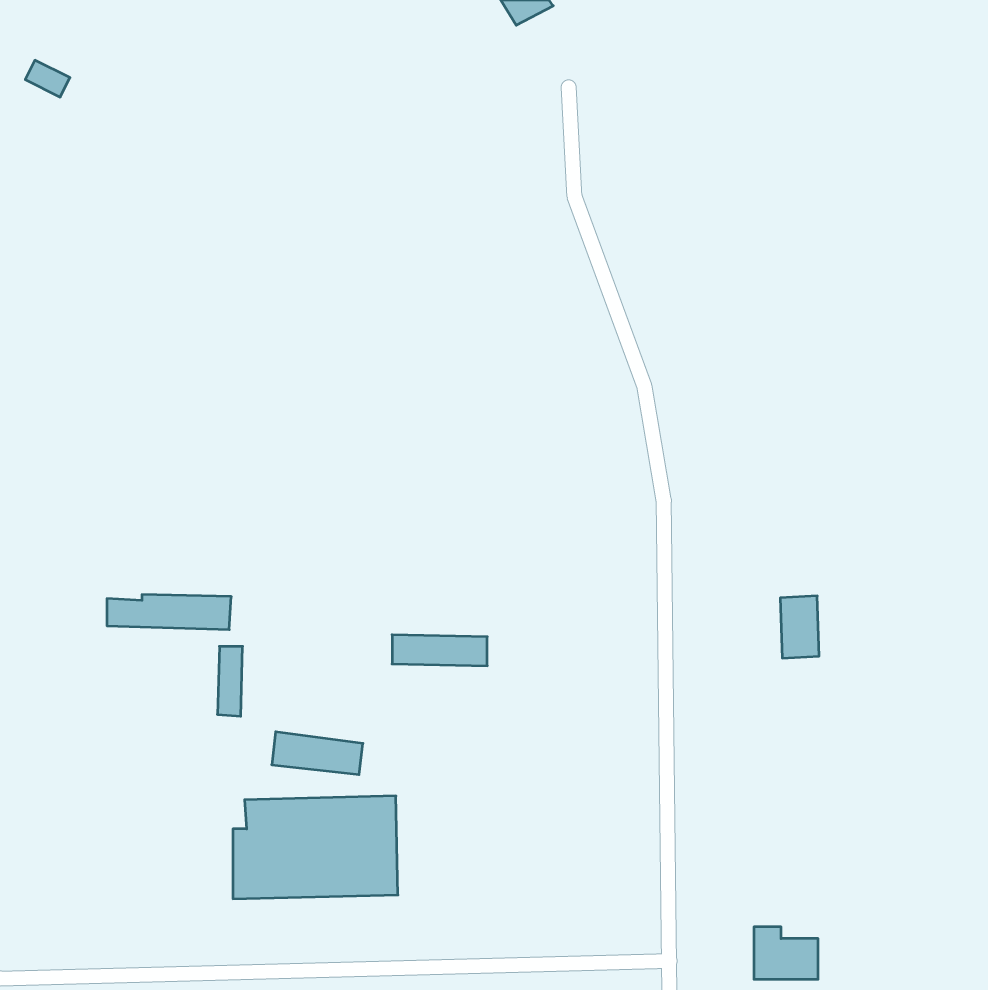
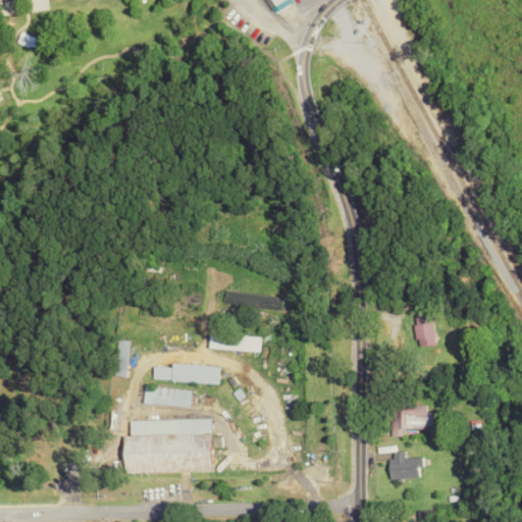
building: [107,595,231,630] -> [154,365,219,383]
building: none -> [392,405,432,436]
building: [754,927,818,979] -> [390,452,424,479]

